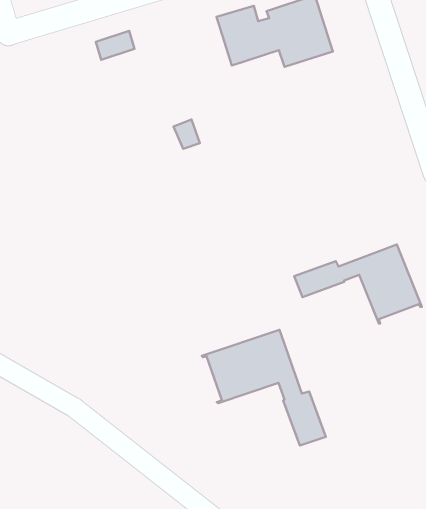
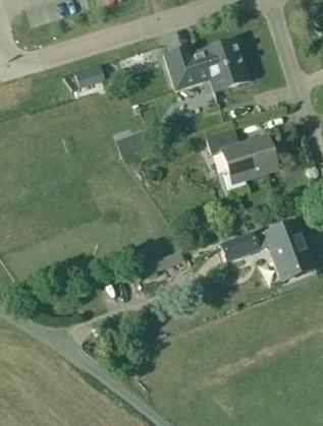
building: none -> [206,128,278,188]
building: [202,330,326,446] -> none

